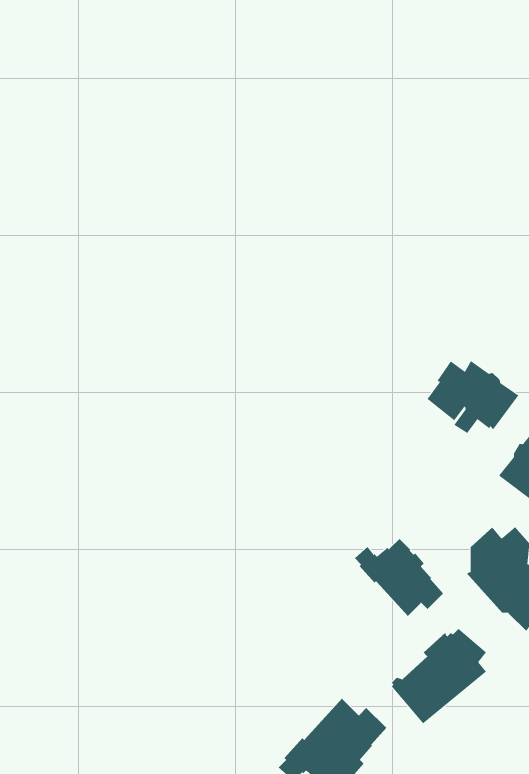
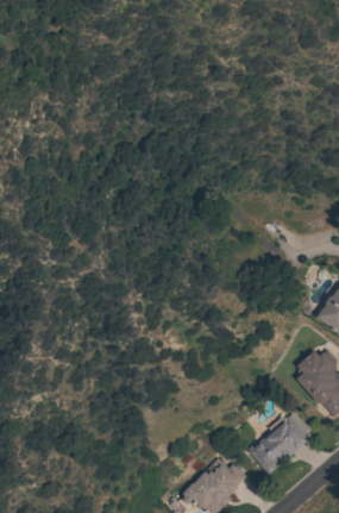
building: [426,360,519,434] -> none
building: [354,538,444,617] -> none

